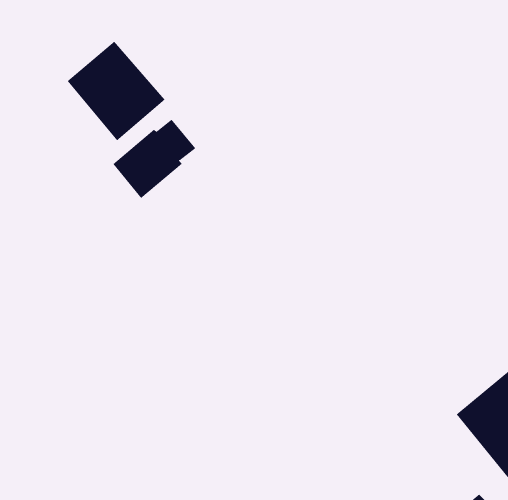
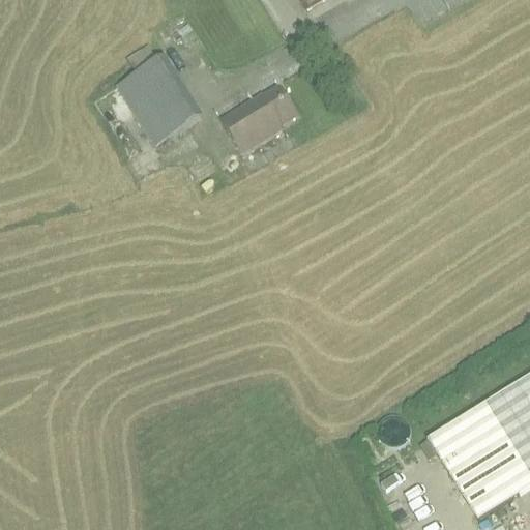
building: [112,119,196,199] -> [219,83,298,152]

